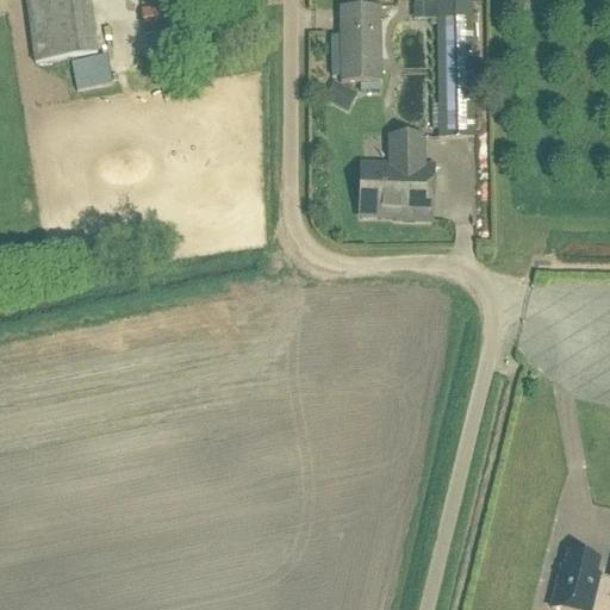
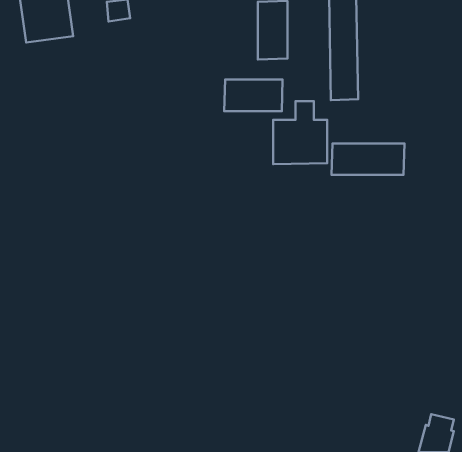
building: [74,48,112,82] -> none
building: none -> [224,79,283,111]
building: none -> [331,143,405,175]

